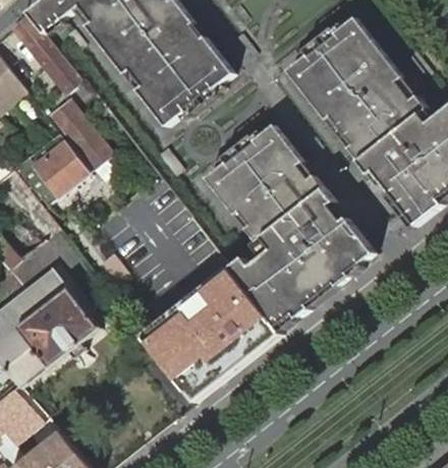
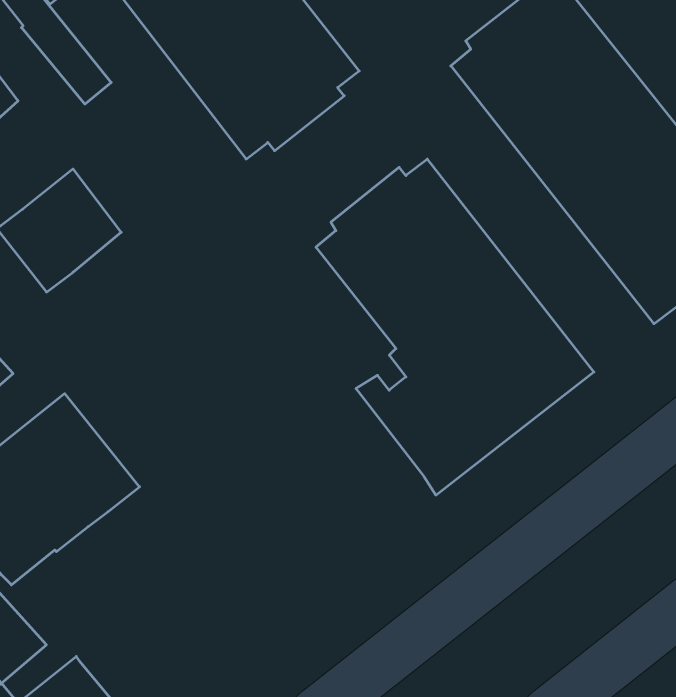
building: [48,98,111,168] -> none
building: [144,266,279,397] -> none

